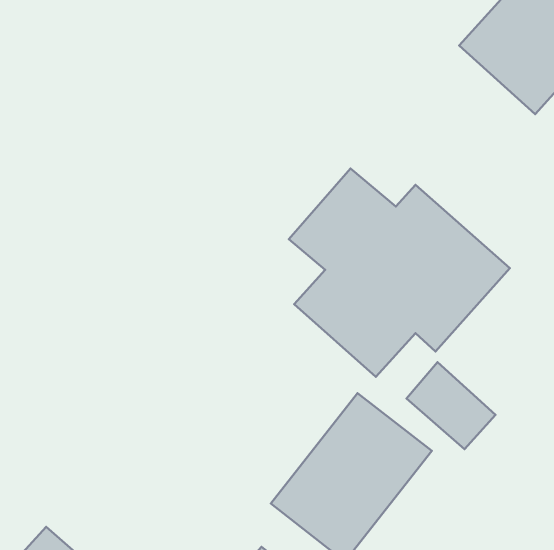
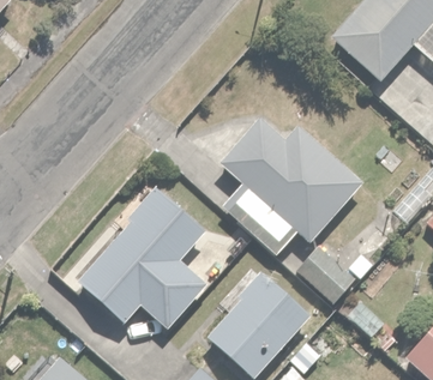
building: none -> [76,186,210,331]

